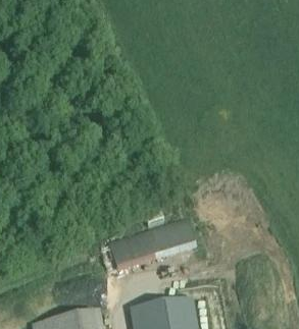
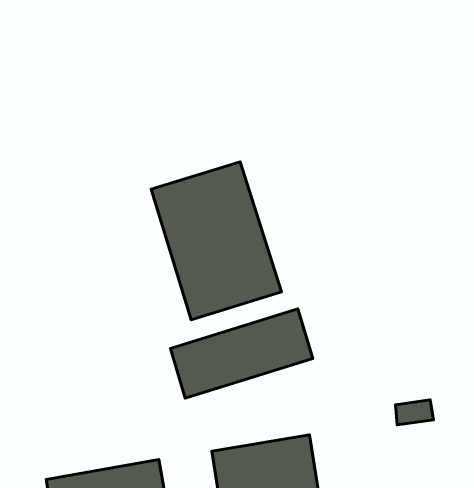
building: none -> [151,162,282,320]

